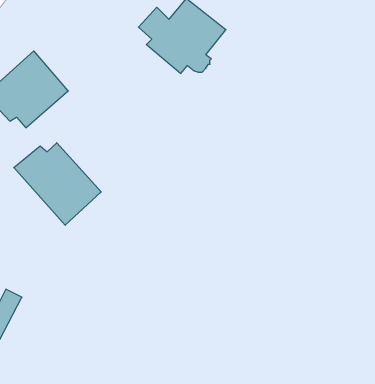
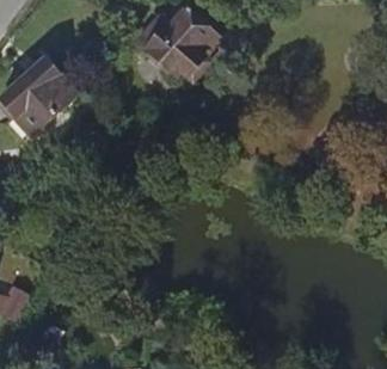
building: [14,143,101,225] -> none

